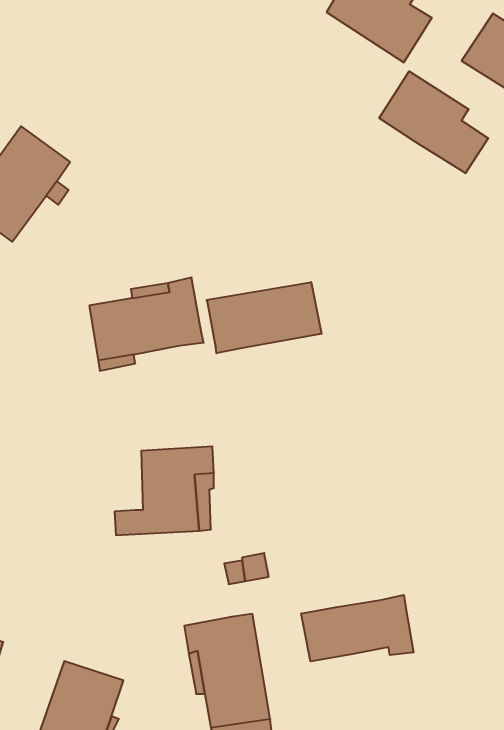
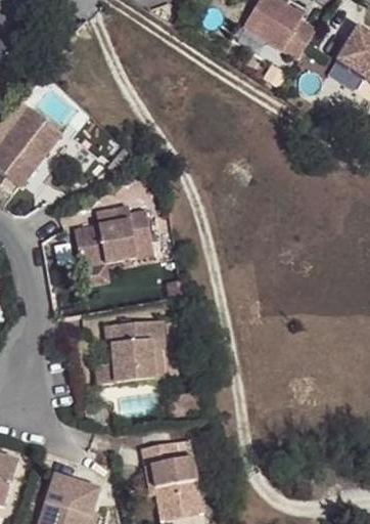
building: [379,71,488,173] -> none
building: [207,282,321,353] -> none
building: [301,595,414,661] -> none

